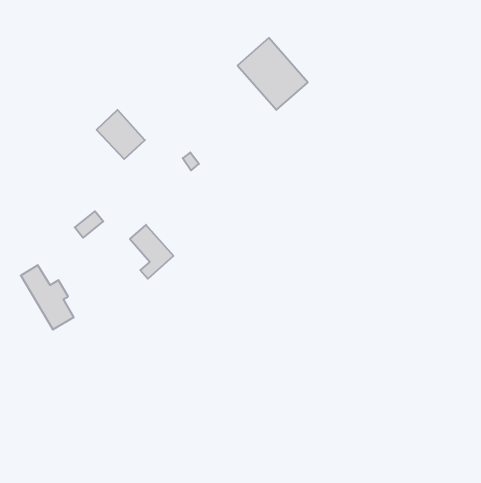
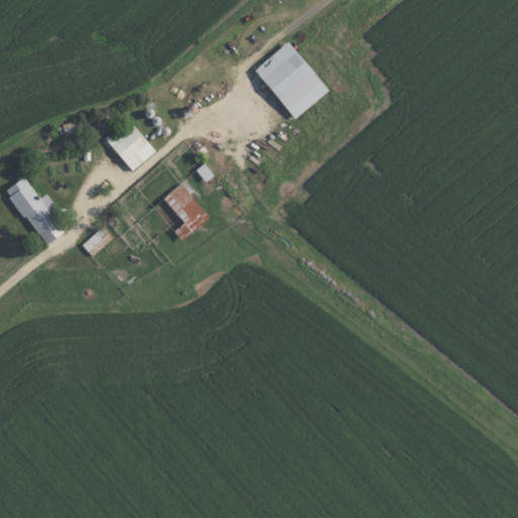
building: [130,225,173,279] -> [162,184,208,242]
building: [21,265,74,330] -> [6,178,63,247]

